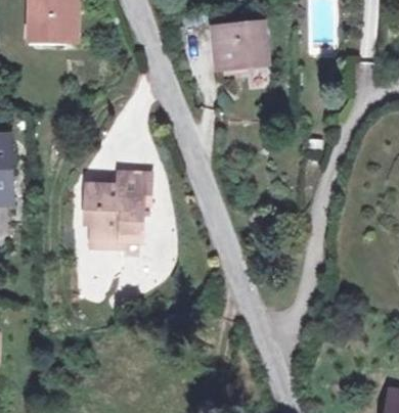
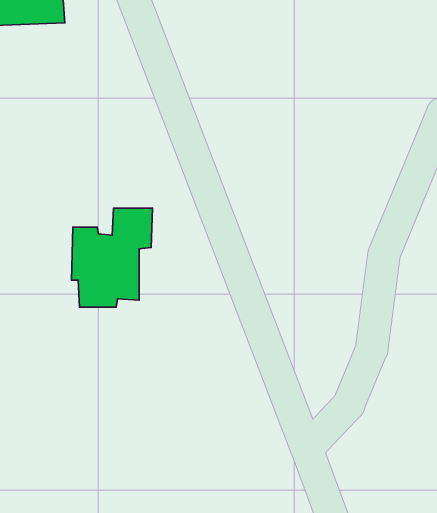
building: [207,25,261,72] -> none

